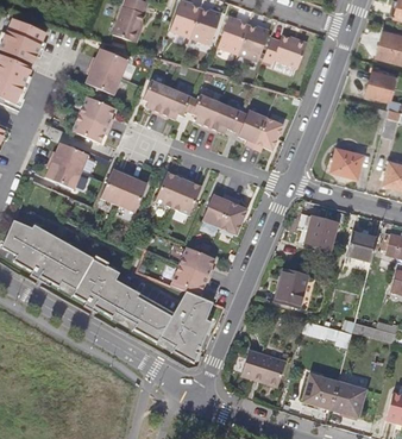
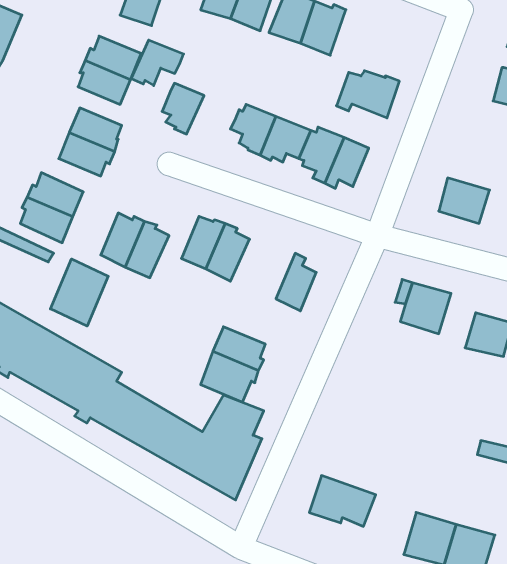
building: [260,36,303,68] -> [336,71,399,118]
building: [158,89,194,120] -> [131,40,184,86]
building: [201,194,232,227] -> none
building: none -> [50,259,108,326]
building: [276,268,318,309] -> none

